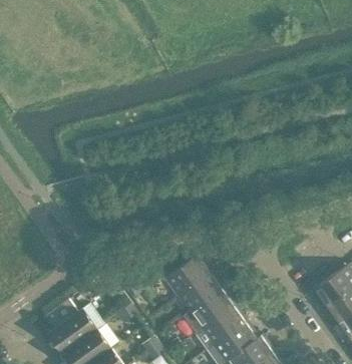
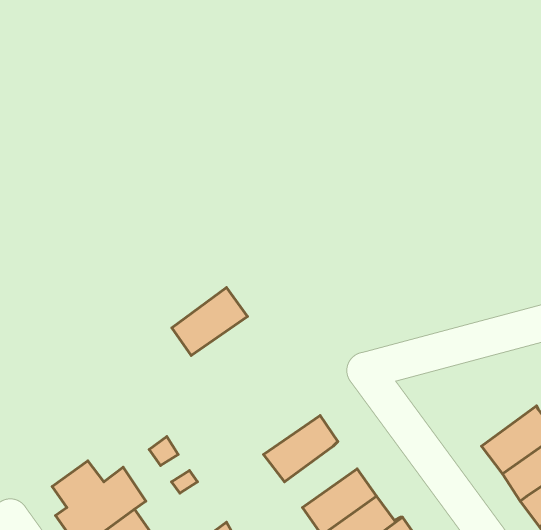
building: [164,254,212,296] -> [172,288,248,355]
building: [190,288,235,329] -> none

